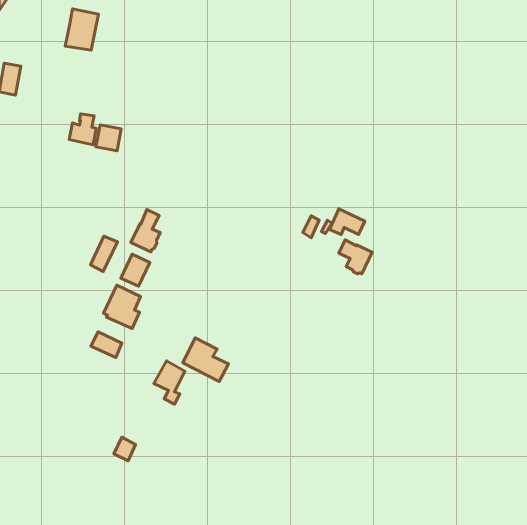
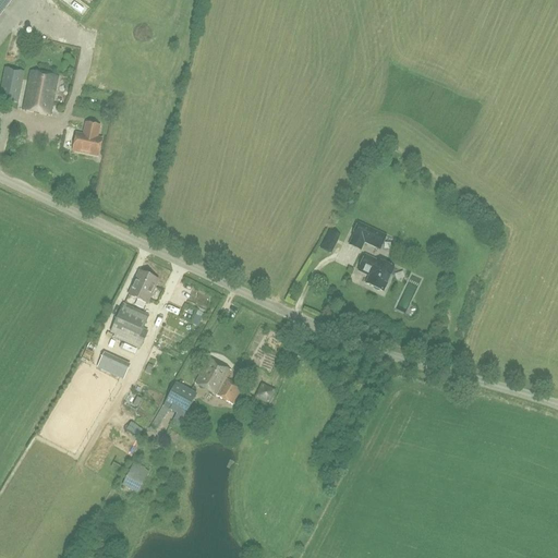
building: [65,9,98,50] -> [22,69,57,112]
building: [96,125,121,151] -> none
building: [131,209,160,252] -> none
building: [91,236,117,272] -> none

